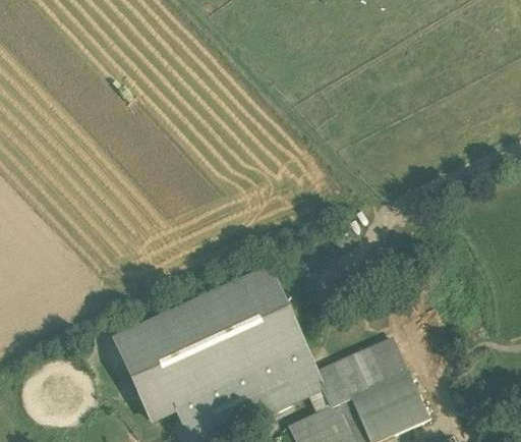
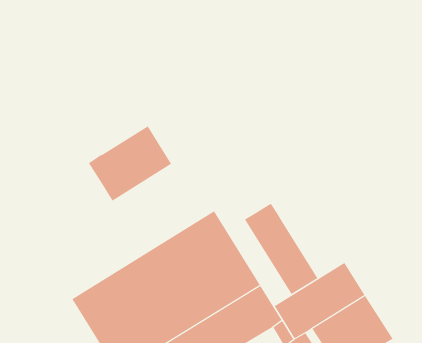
building: none -> [88,126,172,202]
building: none -> [244,203,318,295]

